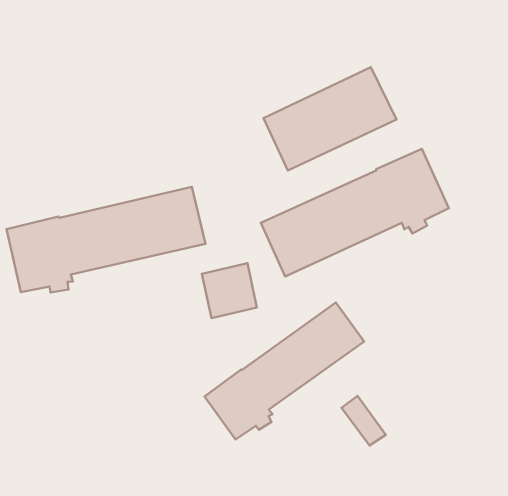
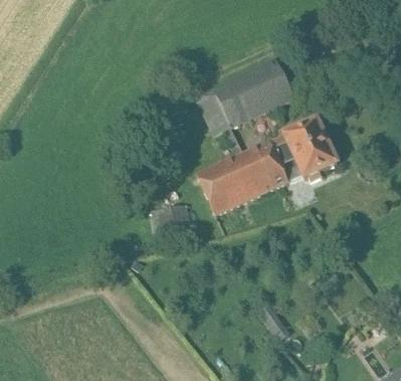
building: [6,187,205,293] -> none
building: [205,302,364,439] -> none

